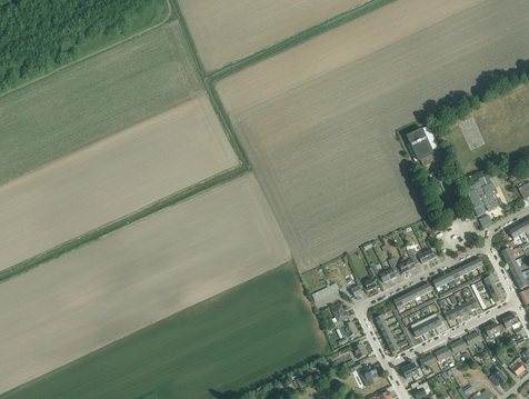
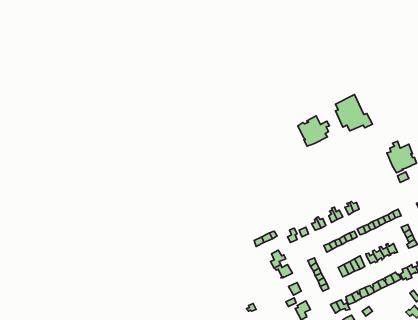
building: none -> [298,116,329,146]

